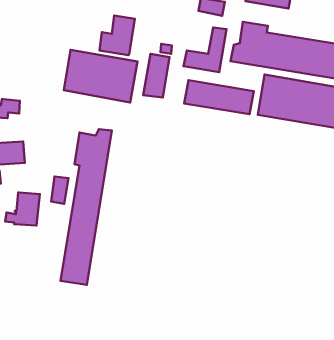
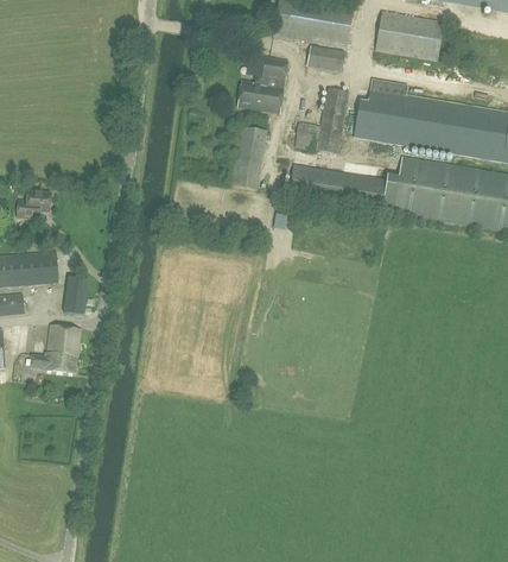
building: [99,16,135,55] -> [237,55,288,112]
building: [64,50,137,102] -> none
building: [61,129,112,285] -> none
building: [51,177,68,204] -> [64,274,89,314]

